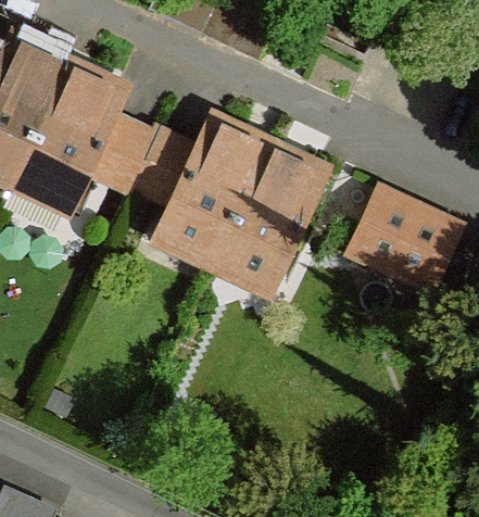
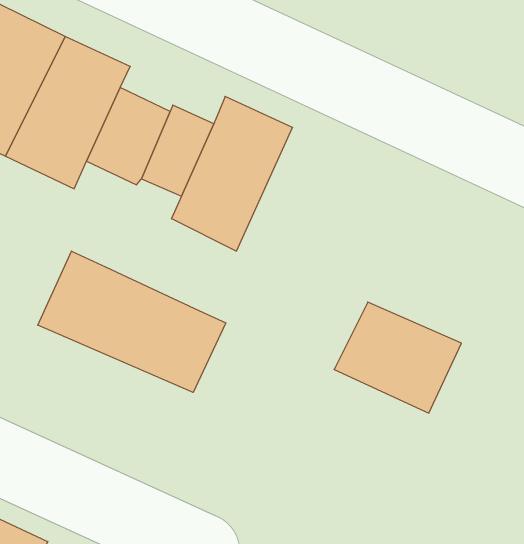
building: [218,149,326,283] -> none
building: [351,192,462,289] -> [334,302,461,413]
building: none -> [38,251,226,392]

